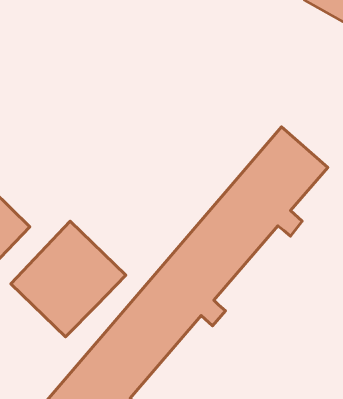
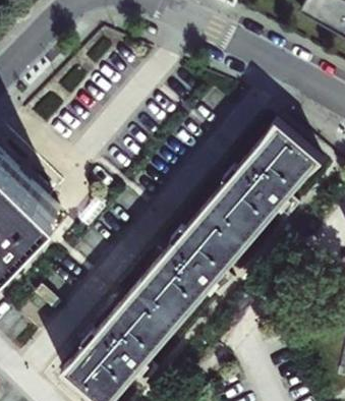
building: [11,221,126,337] -> none

